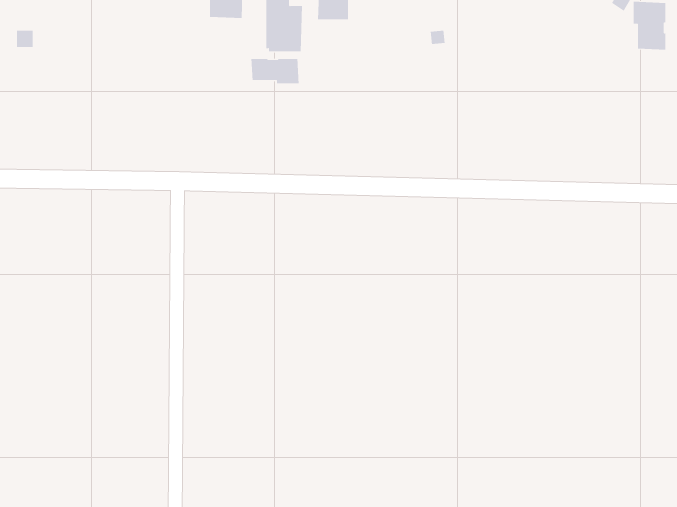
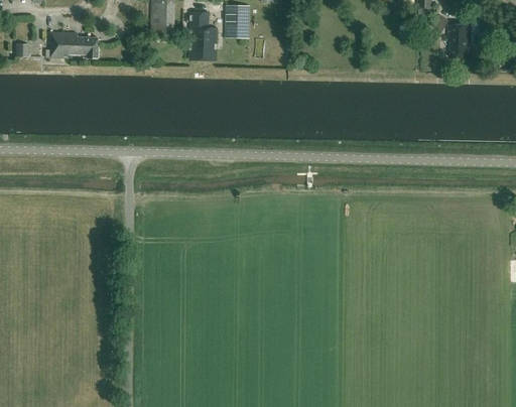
building: none -> [48,31,97,57]
building: [251,58,299,84] -> none

